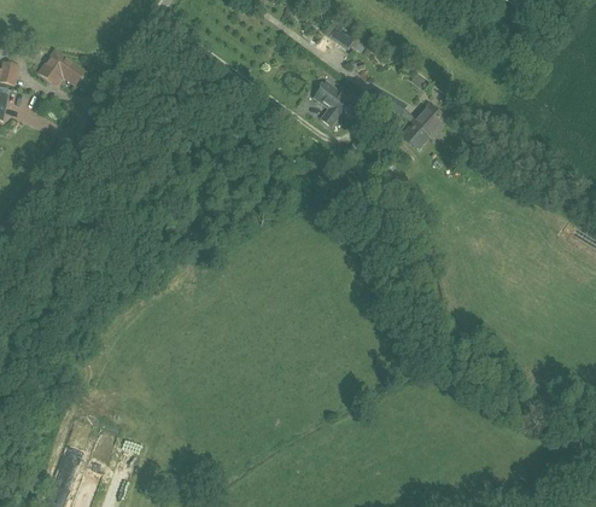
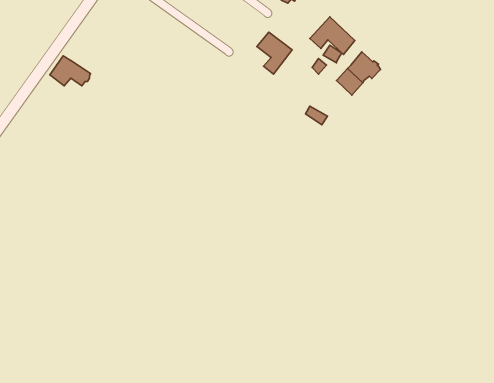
building: [40,51,84,83] -> [50,56,91,86]
building: none -> [310,17,355,54]

